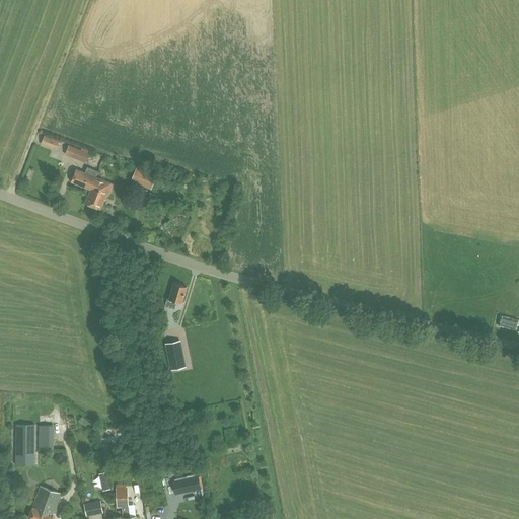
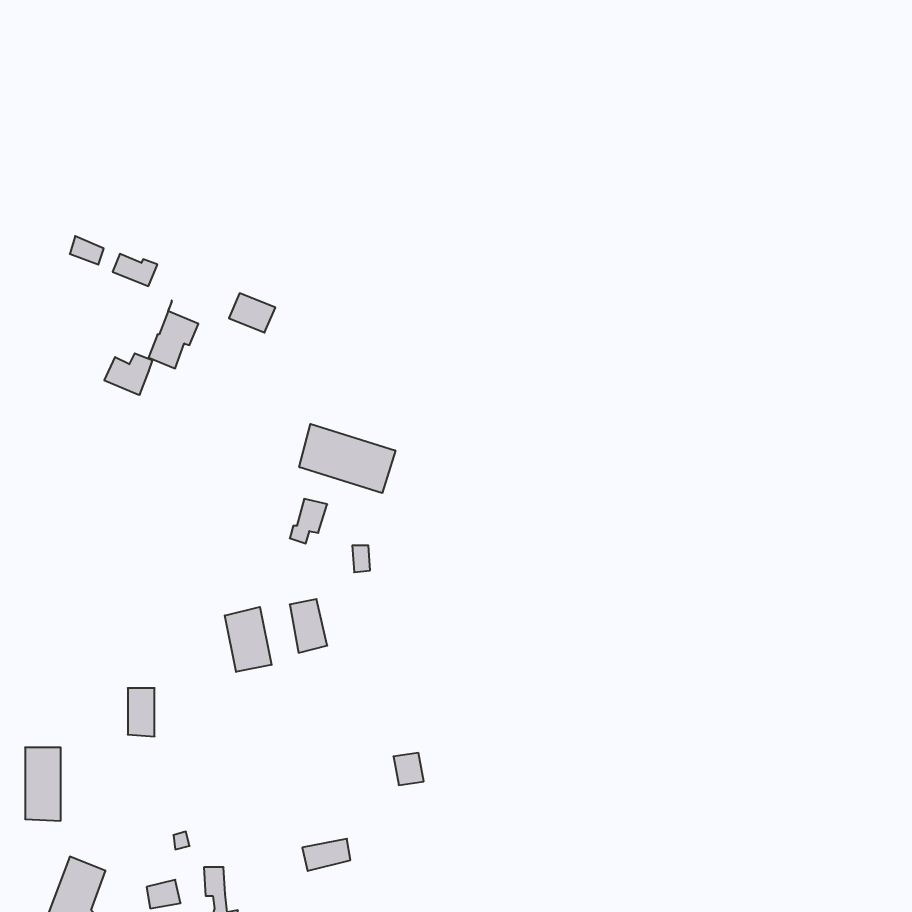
building: [70,167,97,191] -> [104,353,152,395]
building: none -> [299,424,395,493]
building: none -> [225,607,272,672]
building: [38,426,53,453] -> [128,688,155,736]

